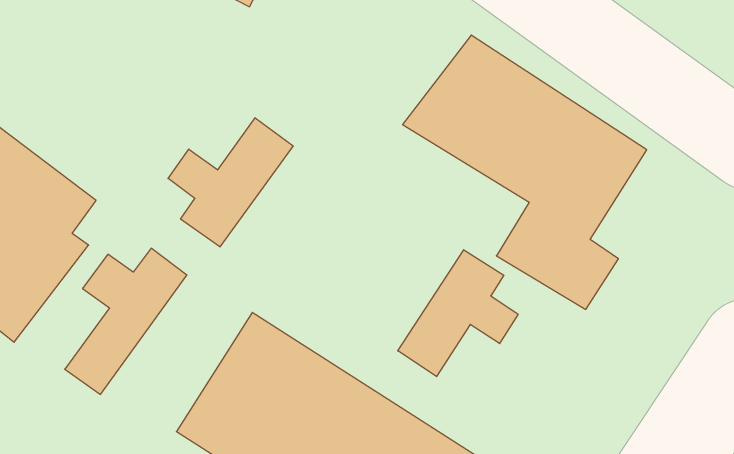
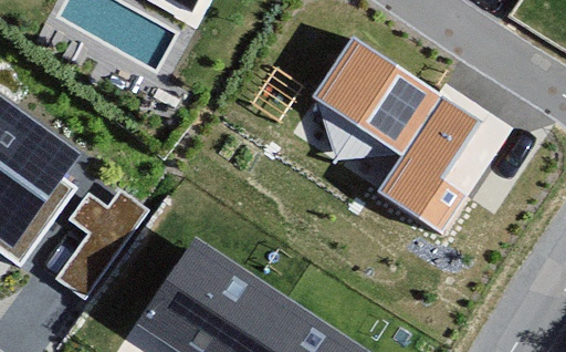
building: [168,118,293,247] -> none
building: [398,250,518,377] -> none

